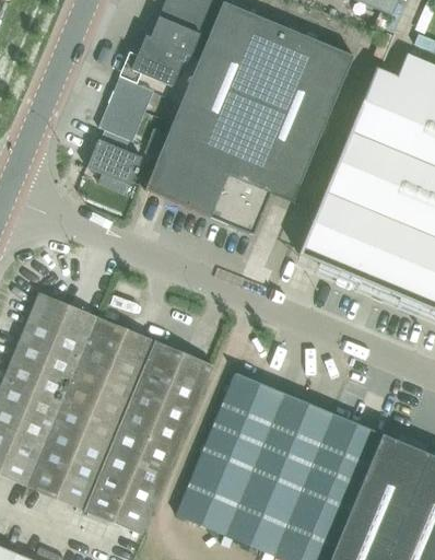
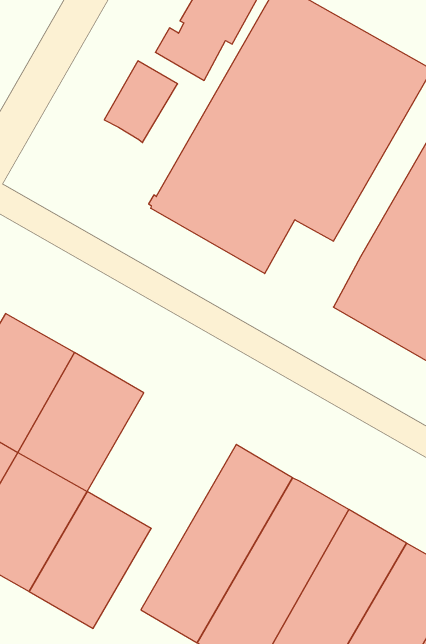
building: [85,132,141,195] -> none
building: [122,341,212,448] -> none

